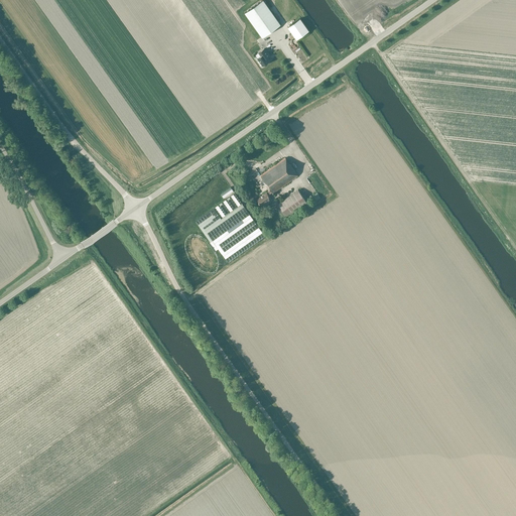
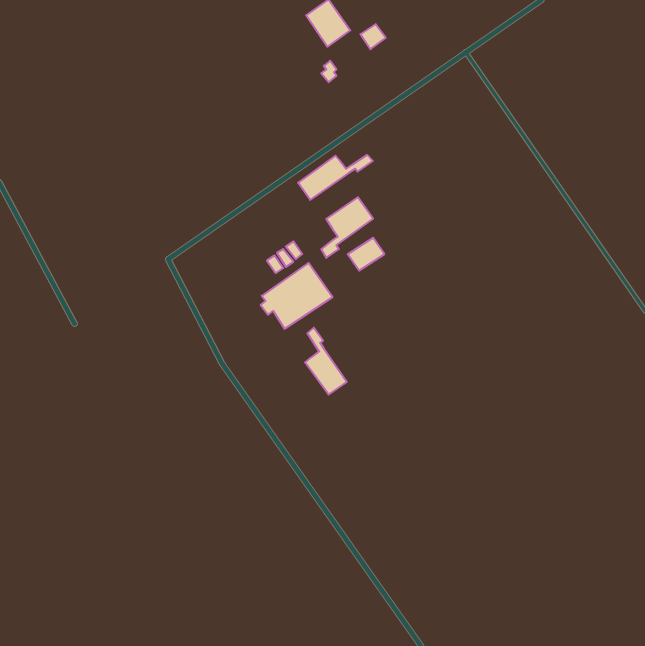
building: none -> [298,155,373,200]
building: none -> [305,328,347,395]

